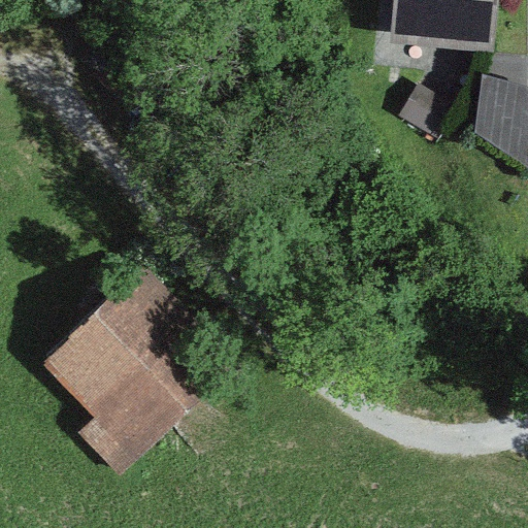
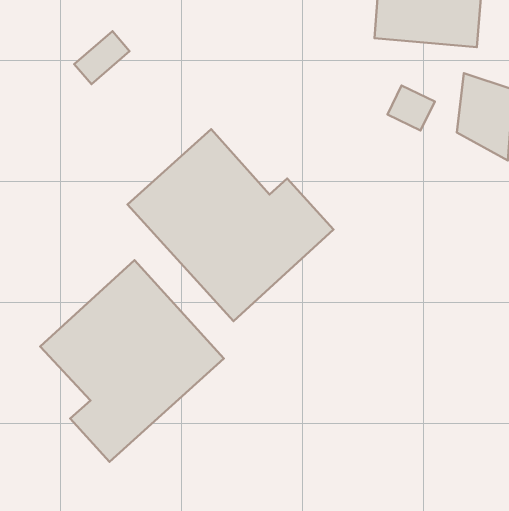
building: none -> [127,129,334,321]

